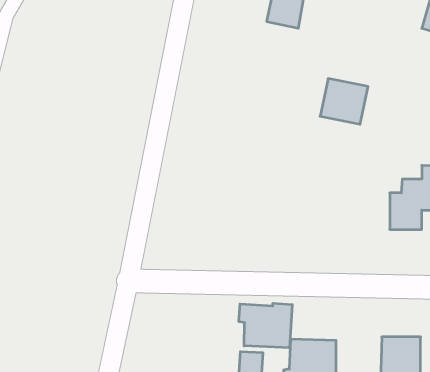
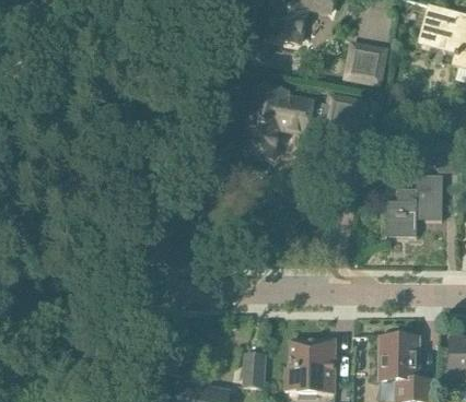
building: none -> [341,38,388,85]
building: none -> [243,85,312,158]
building: [239,303,292,348] -> none

